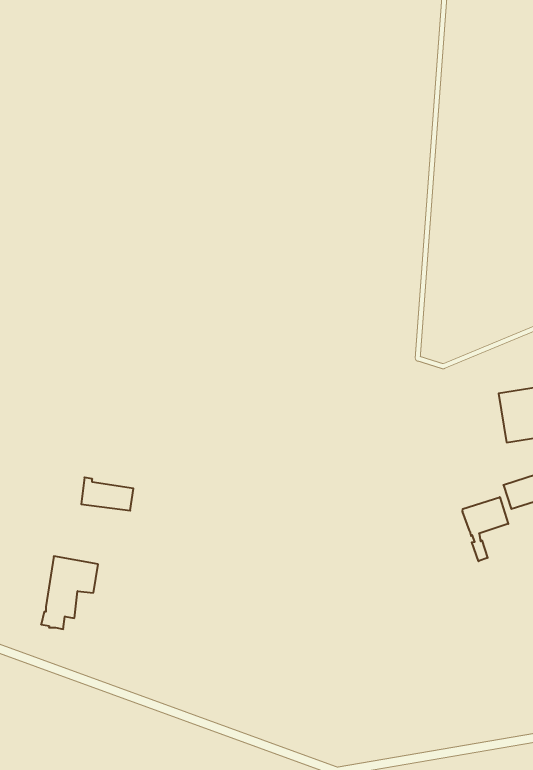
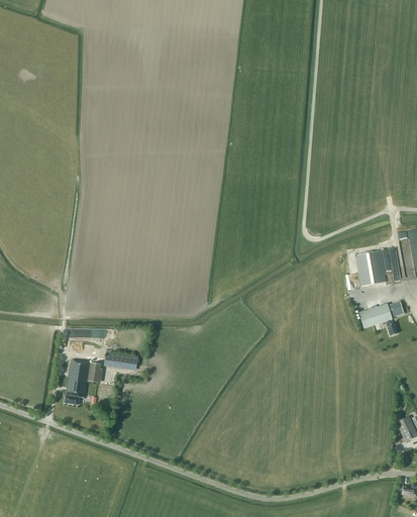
building: [81,477,133,511] -> [104,348,137,370]
building: [463,497,508,561] -> none

